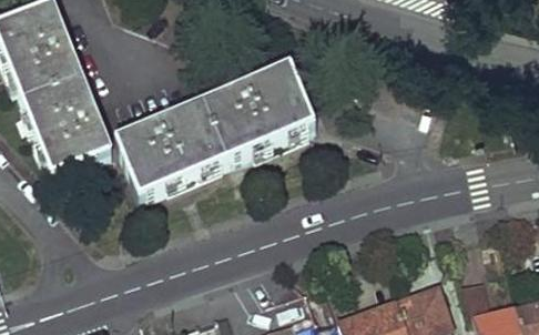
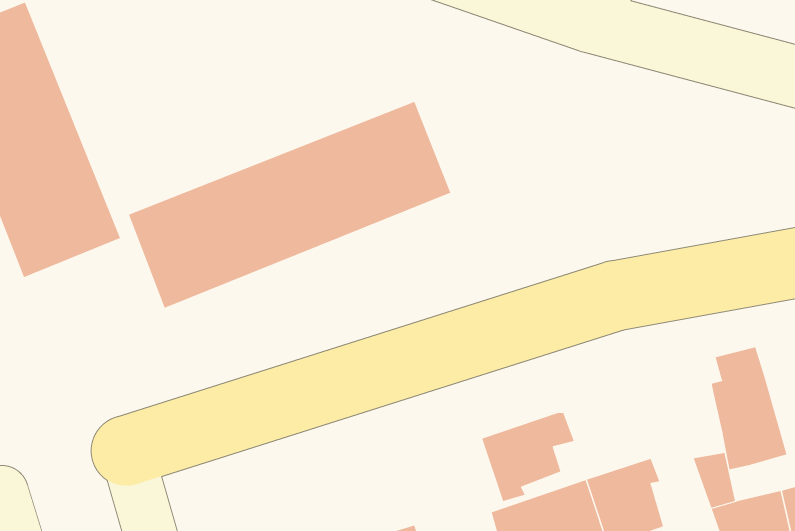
building: none -> [711,347,787,470]
building: none -> [481,412,575,502]

